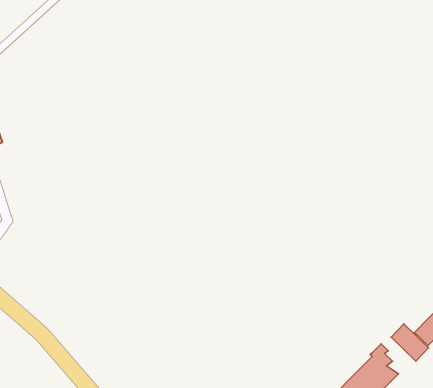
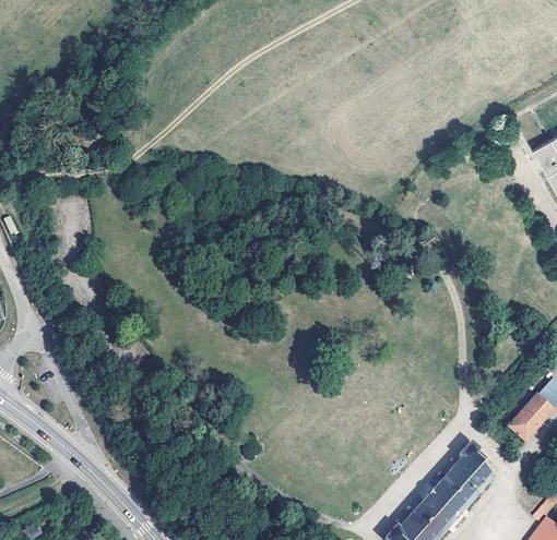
building: [391,324,429,361] -> none

